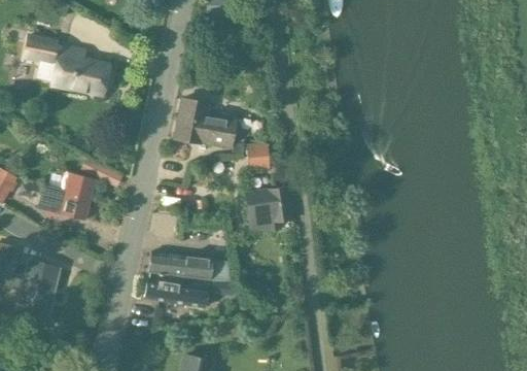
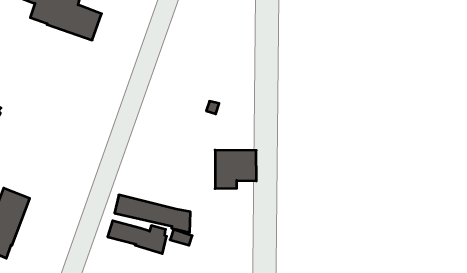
building: [175,99,236,146] -> none
building: [246,143,271,171] -> none
building: [39,172,95,218] -> none

